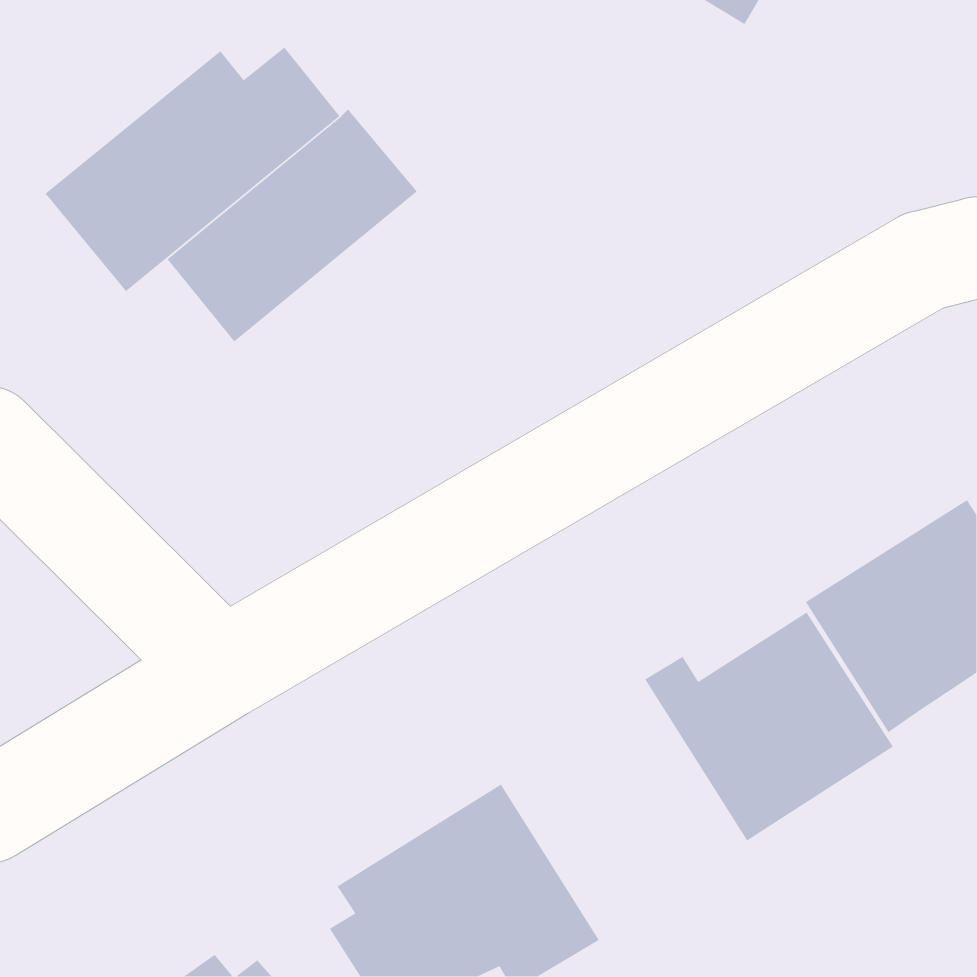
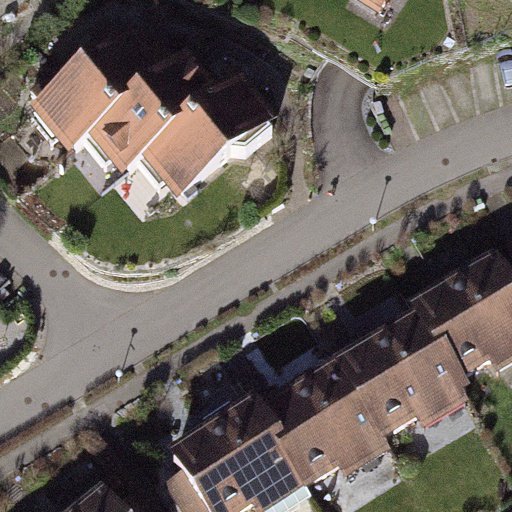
building: none -> [141,82,279,203]
building: none -> [256,365,386,484]

